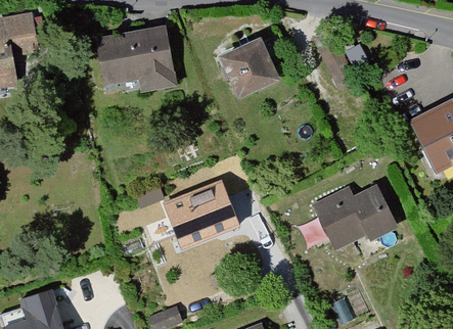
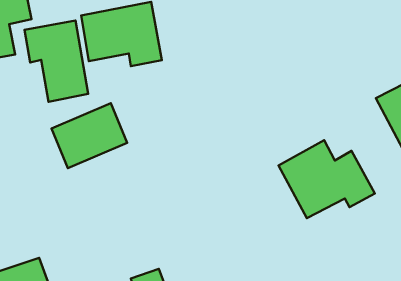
building: [219,37,281,100] -> none
building: none -> [24,21,88,102]
building: [161,181,240,249] -> [51,103,127,168]

